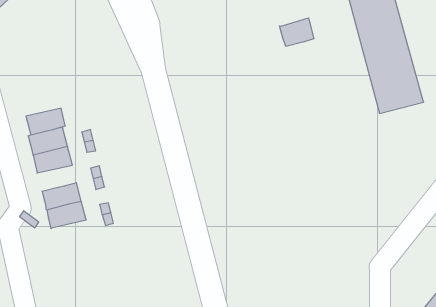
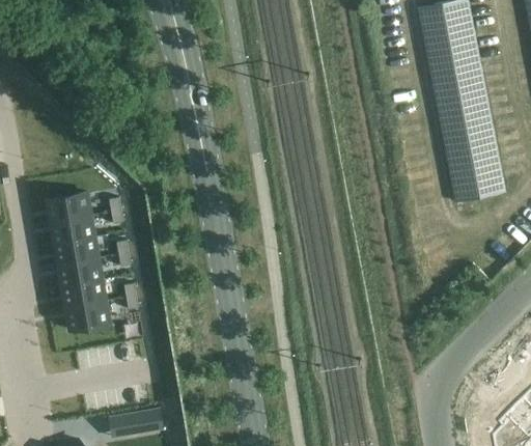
building: [280,18,314,46] -> none
building: [26,108,65,135] -> [55,238,100,266]
building: none -> [66,302,111,331]

